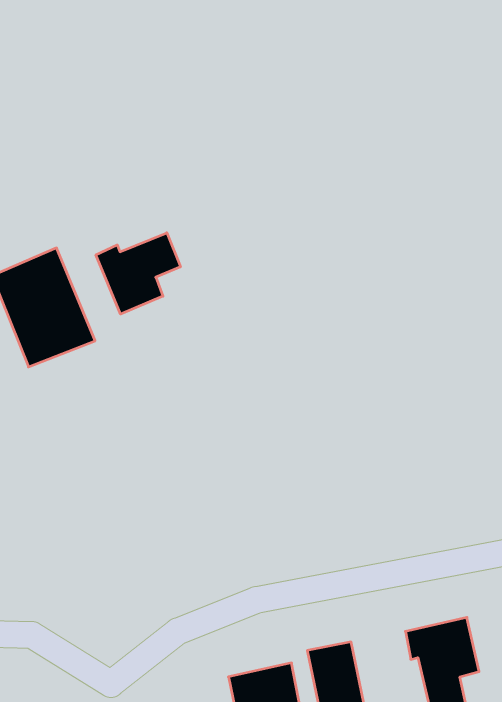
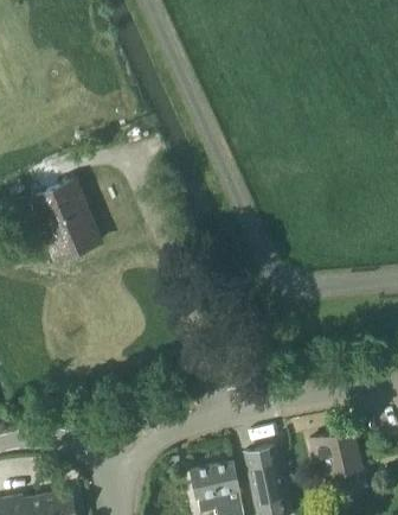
building: [96,233,180,314] -> none

